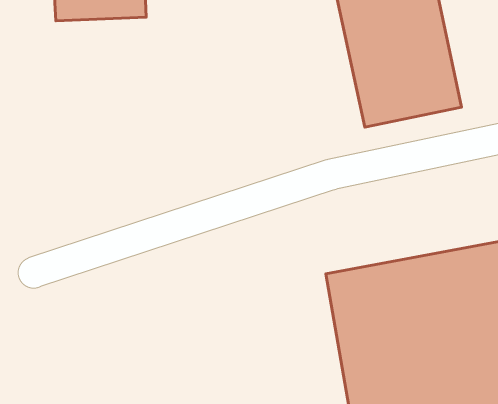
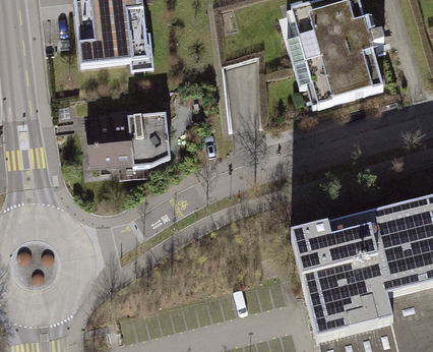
building: none -> [78,110,167,169]

